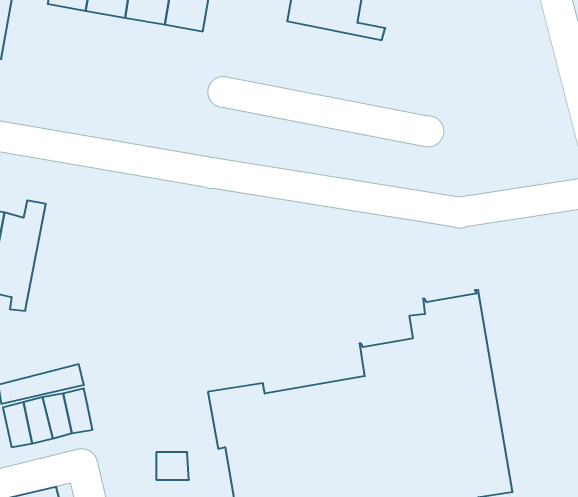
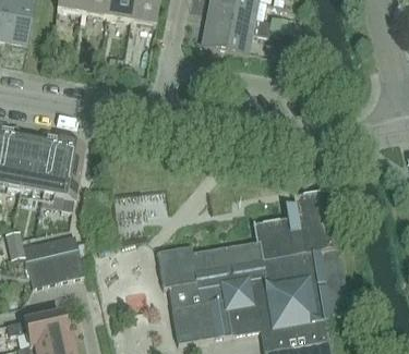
building: none -> [201,16,266,51]
building: none -> [40,137,83,210]

